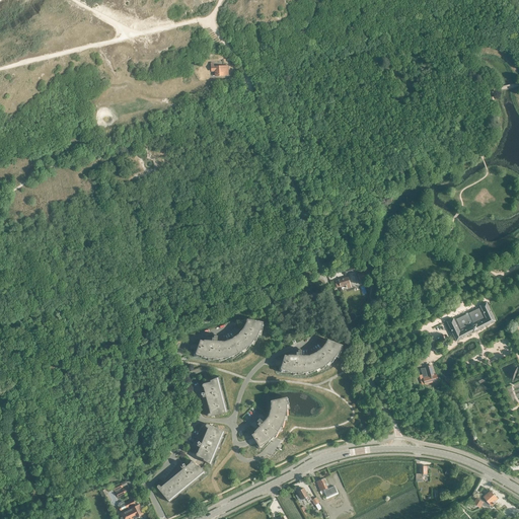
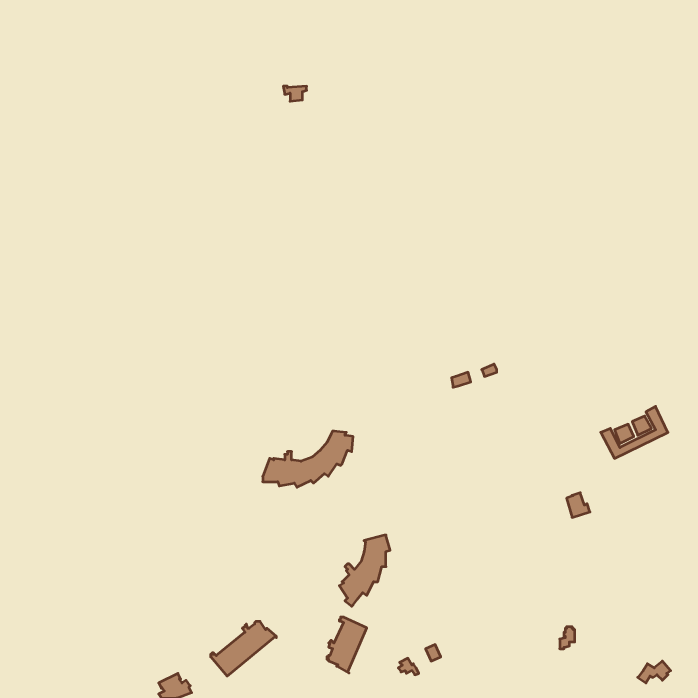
building: [280,339,342,375] -> none
building: [200,375,226,416] -> none
building: [195,423,224,464] -> [327,617,367,673]

